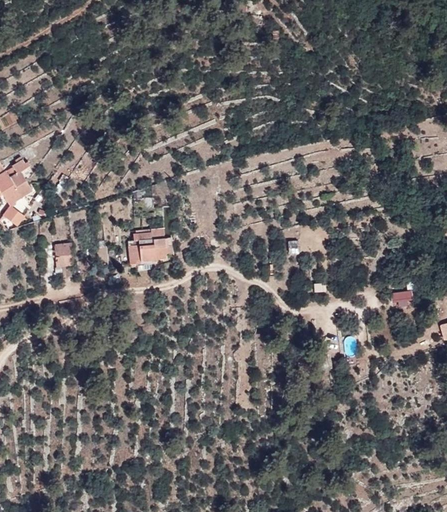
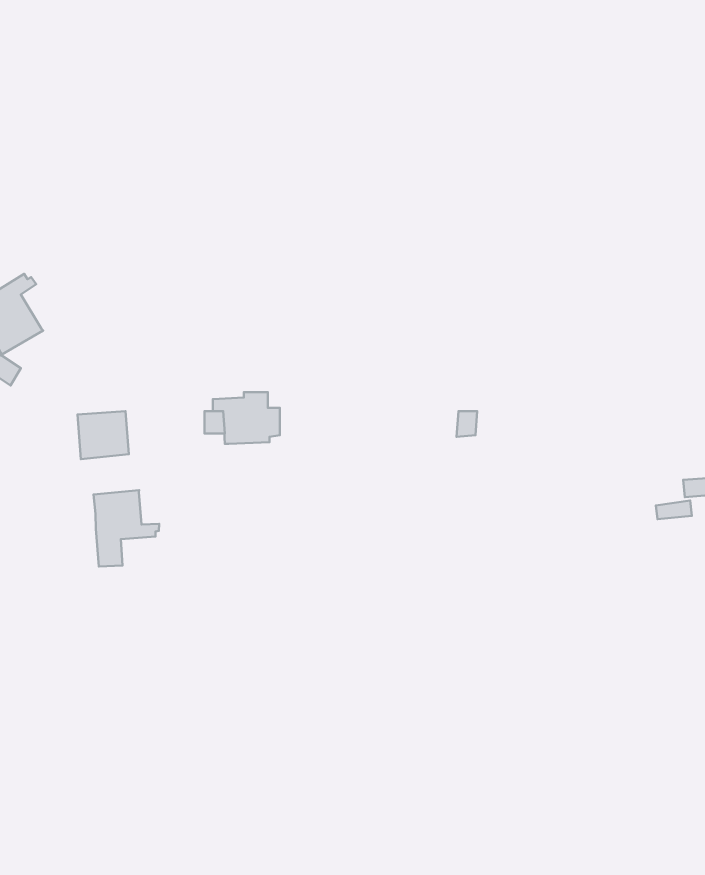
building: none -> [94,490,159,566]

